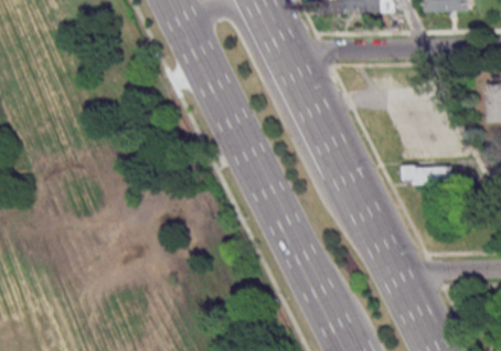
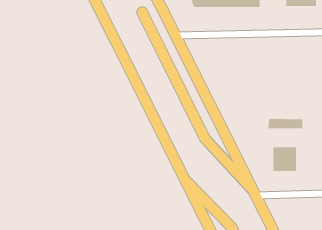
building: none -> [273,147,297,172]

